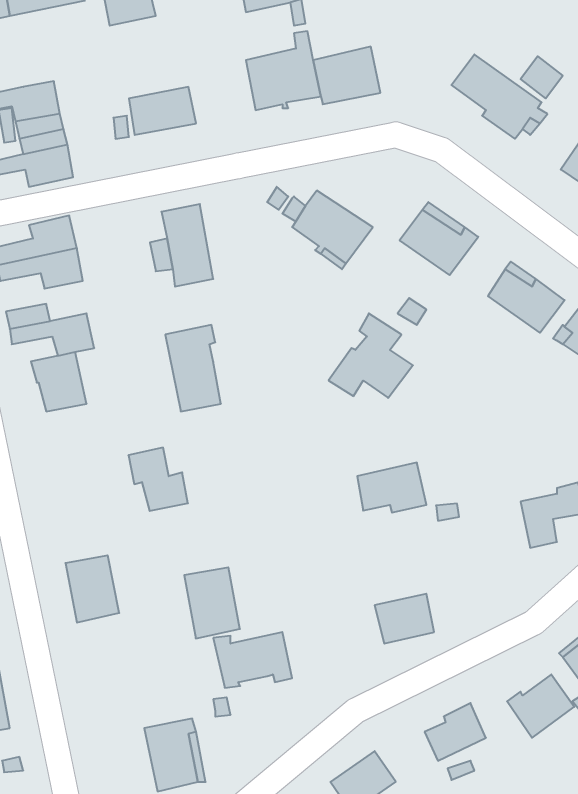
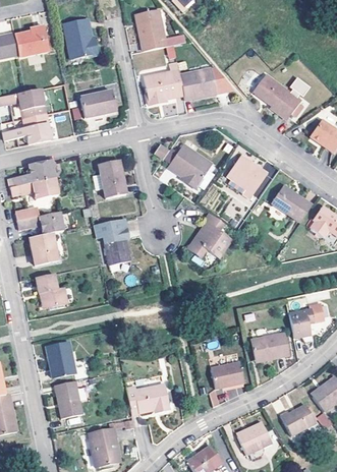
building: [128,448,188,511] -> [37,273,68,306]
building: [357,463,426,513] -> [251,332,288,358]
building: [184,567,240,638] -> [55,379,85,417]

